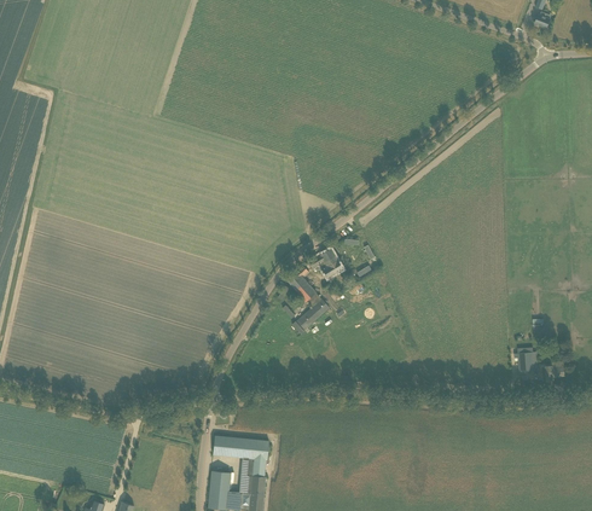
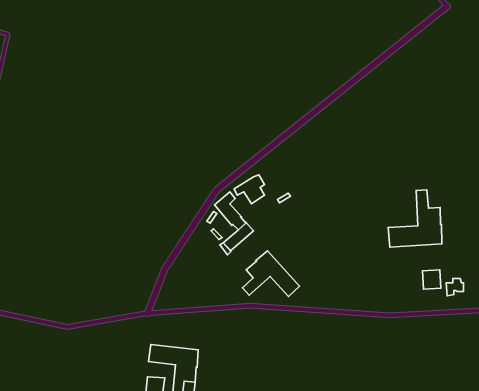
building: none -> [388,190,442,247]
building: none -> [243,251,300,297]

